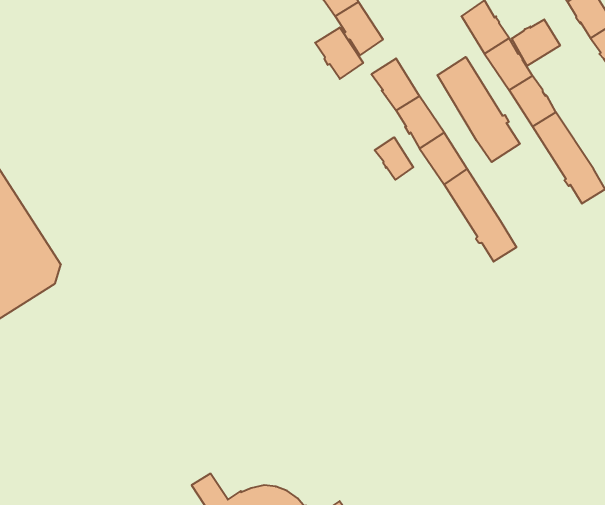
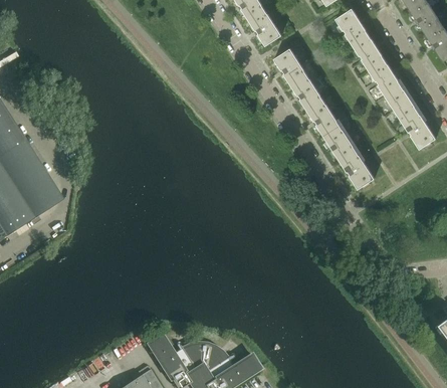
building: [512,19,560,66] -> none
building: [315,27,363,79] -> none
building: [437,57,520,162] -> none
building: [375,137,413,180] -> none

